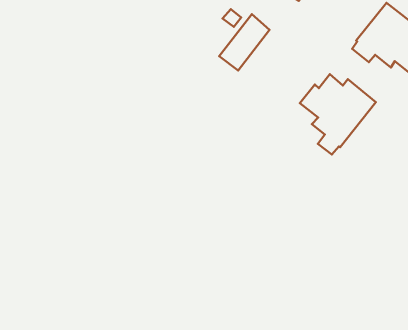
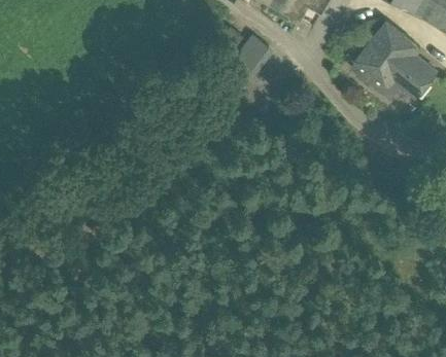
building: [300,74,376,155] -> none

